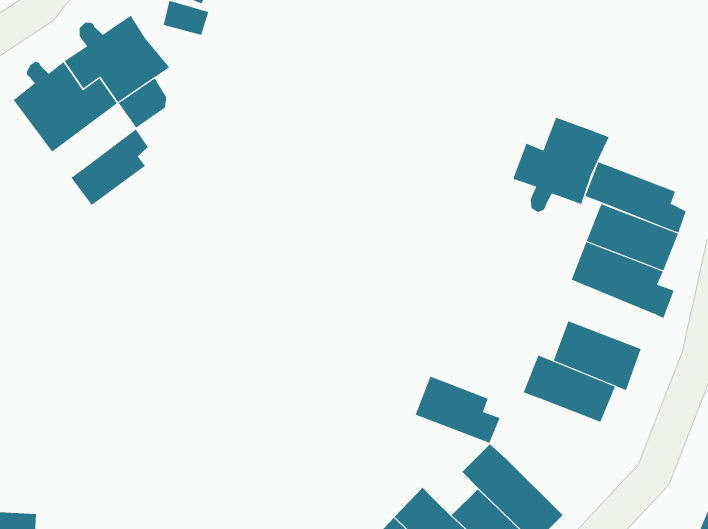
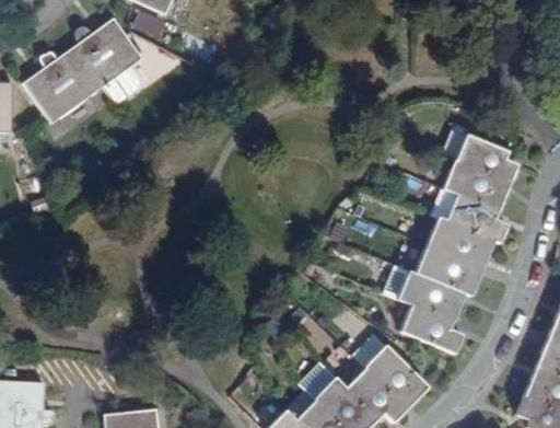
building: [513,117,609,213] -> none
building: [71,129,149,206] -> none
building: none -> [430,219,493,265]
building: [415,376,500,443] -> [400,302,463,351]

